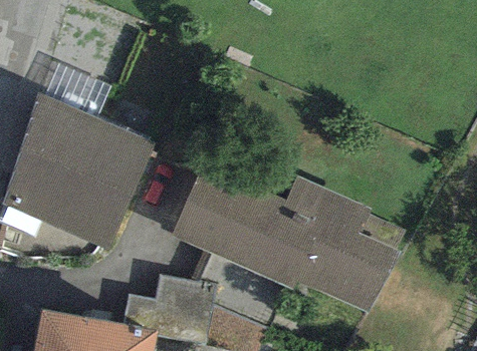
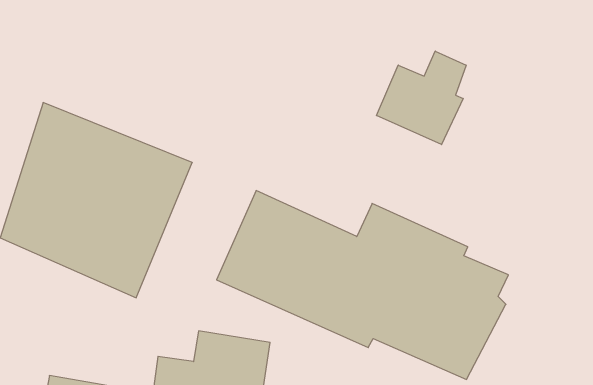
building: none -> [377,51,466,145]

